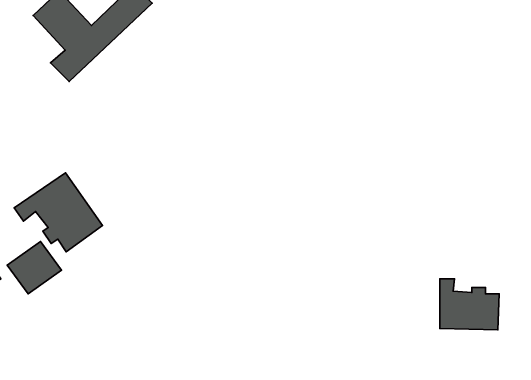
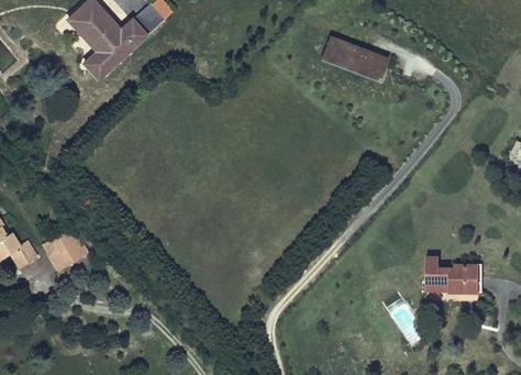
building: none -> [320,40,390,86]
building: [14,173,103,252] -> none

